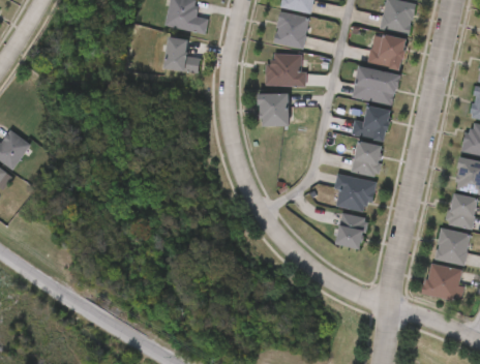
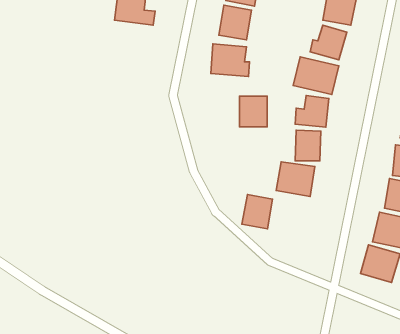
building: [162,37,201,72] -> none
building: [258,93,287,125] -> [239,96,267,127]
building: [334,213,366,249] -> [242,194,272,229]

